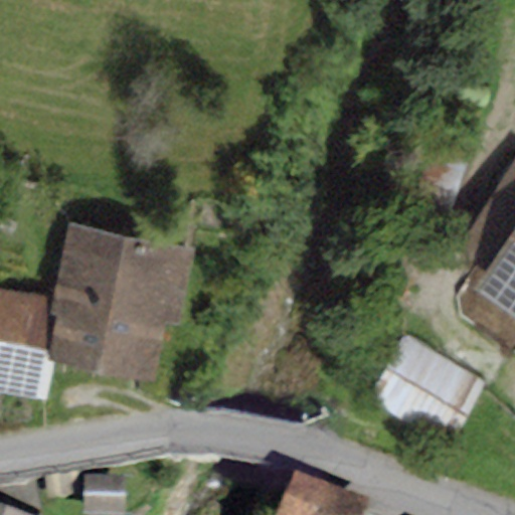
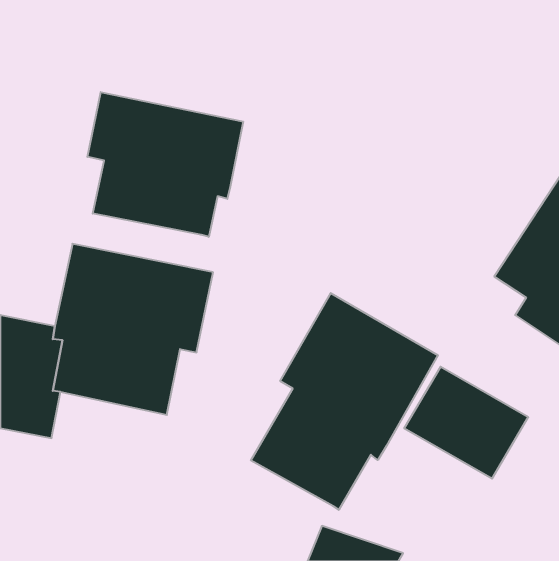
building: none -> [87,92,243,237]
building: none -> [251,293,438,510]

